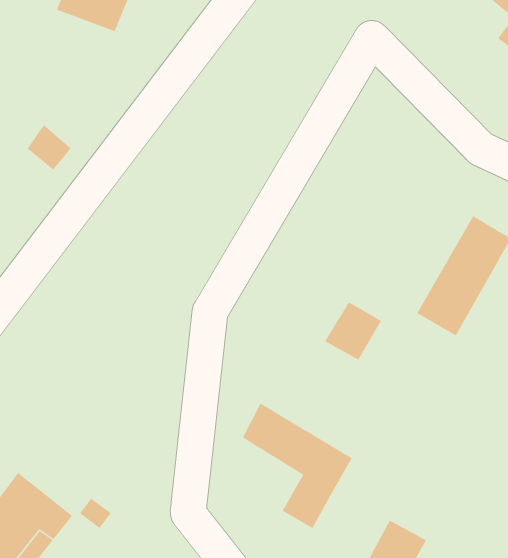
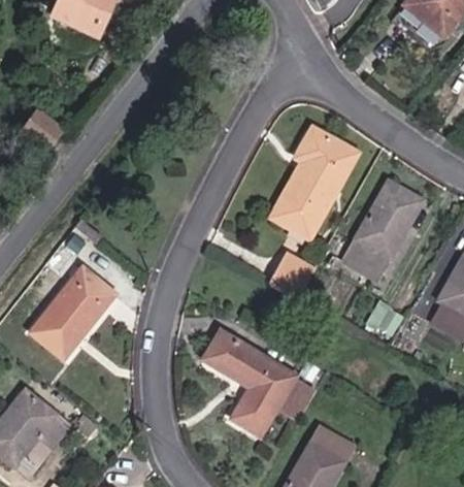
building: none -> [272,127,355,235]
building: none -> [29,266,111,355]
building: none -> [275,376,313,420]

